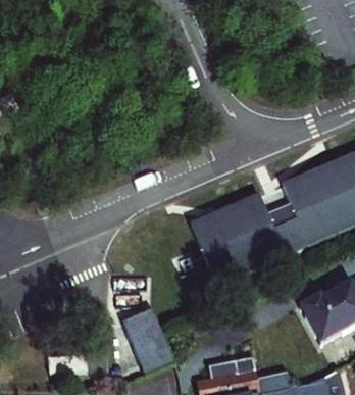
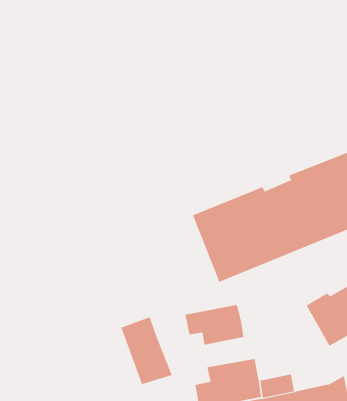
building: none -> [185,304,244,346]

